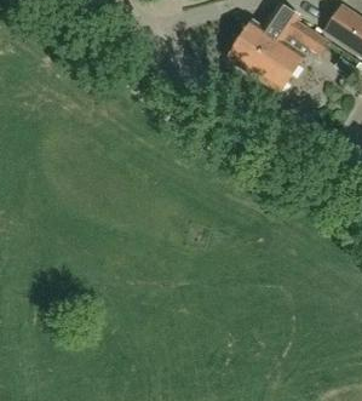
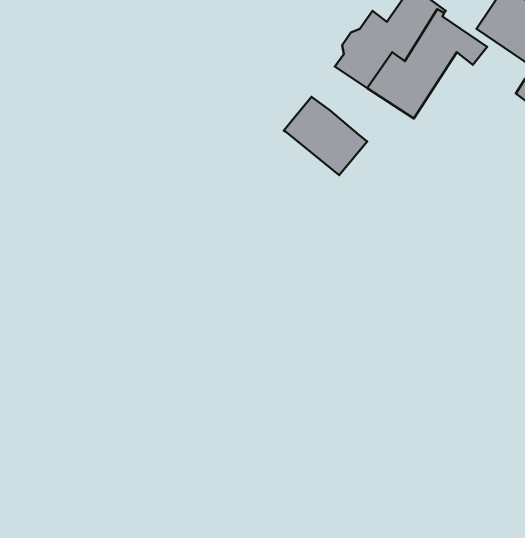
building: none -> [284,97,367,175]

